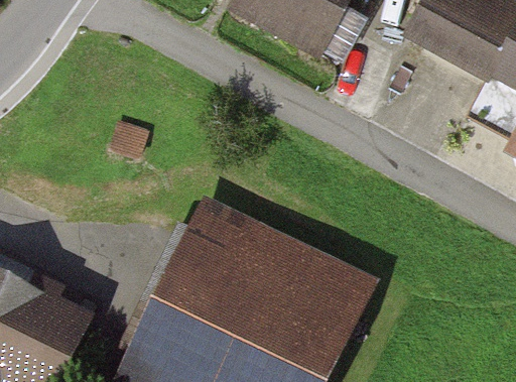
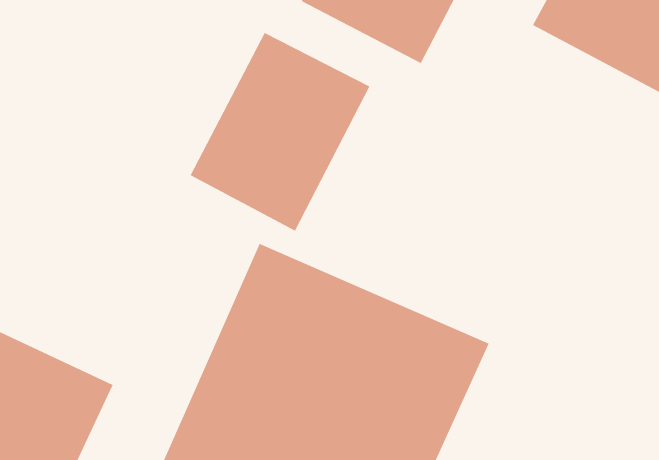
building: none -> [190,32,370,231]

